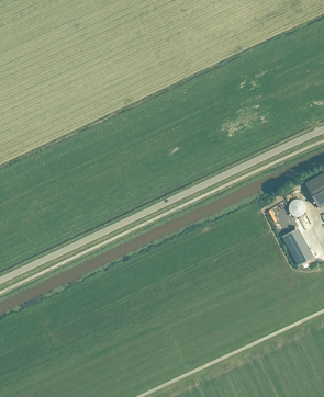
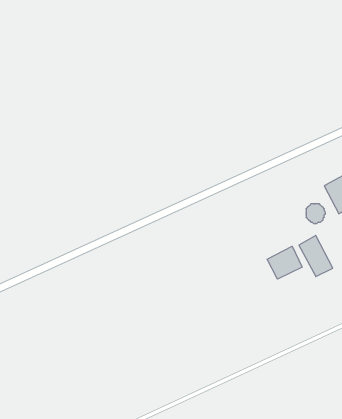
building: none -> [267,246,302,279]

